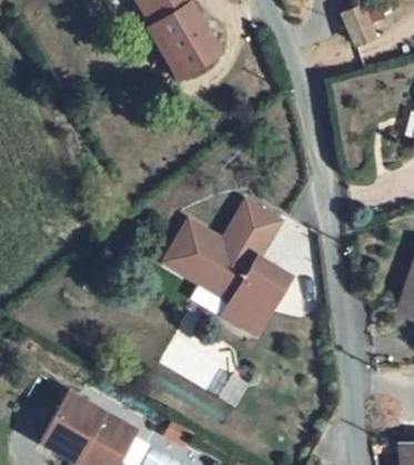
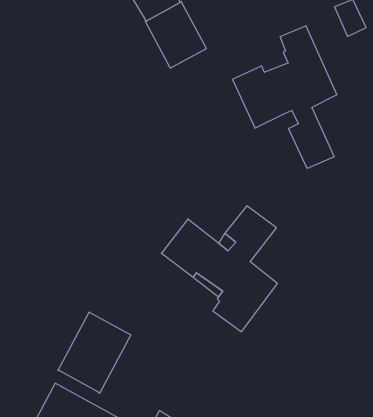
building: none -> [233,26,337,168]
building: none -> [58,312,131,393]

